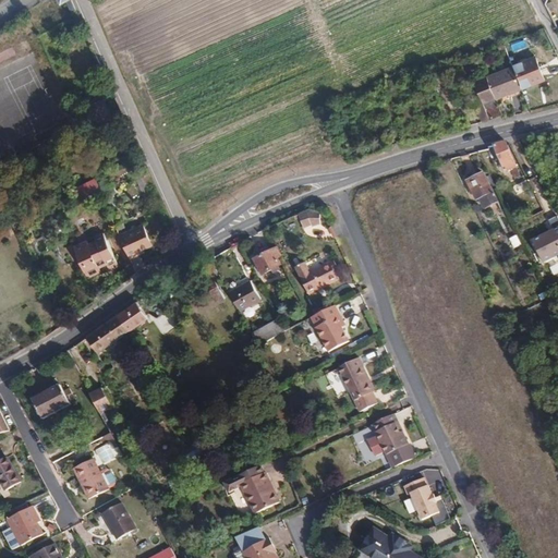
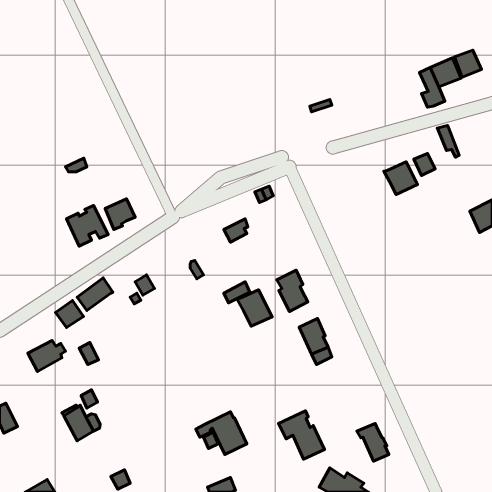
building: none -> [384,162,418,195]
building: [294,260,337,294] -> none
building: [228,279,259,312] -> none
building: [117,301,147,330] -> none
building: none -> [237,290,272,326]
building: none -> [56,301,83,327]
building: [363,414,415,469] -> [278,411,325,459]
building: [7,502,41,544] -> none
building: [101,502,135,539] -> none

